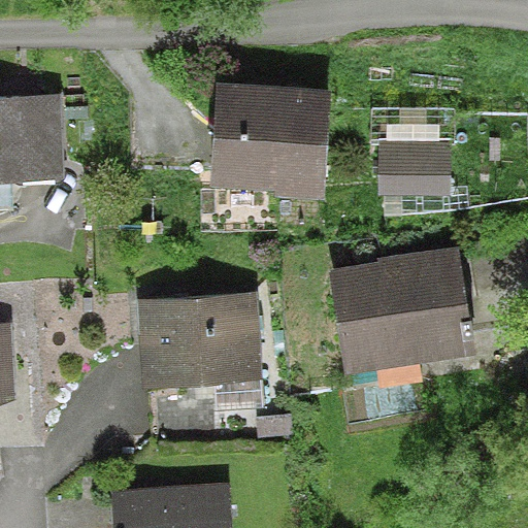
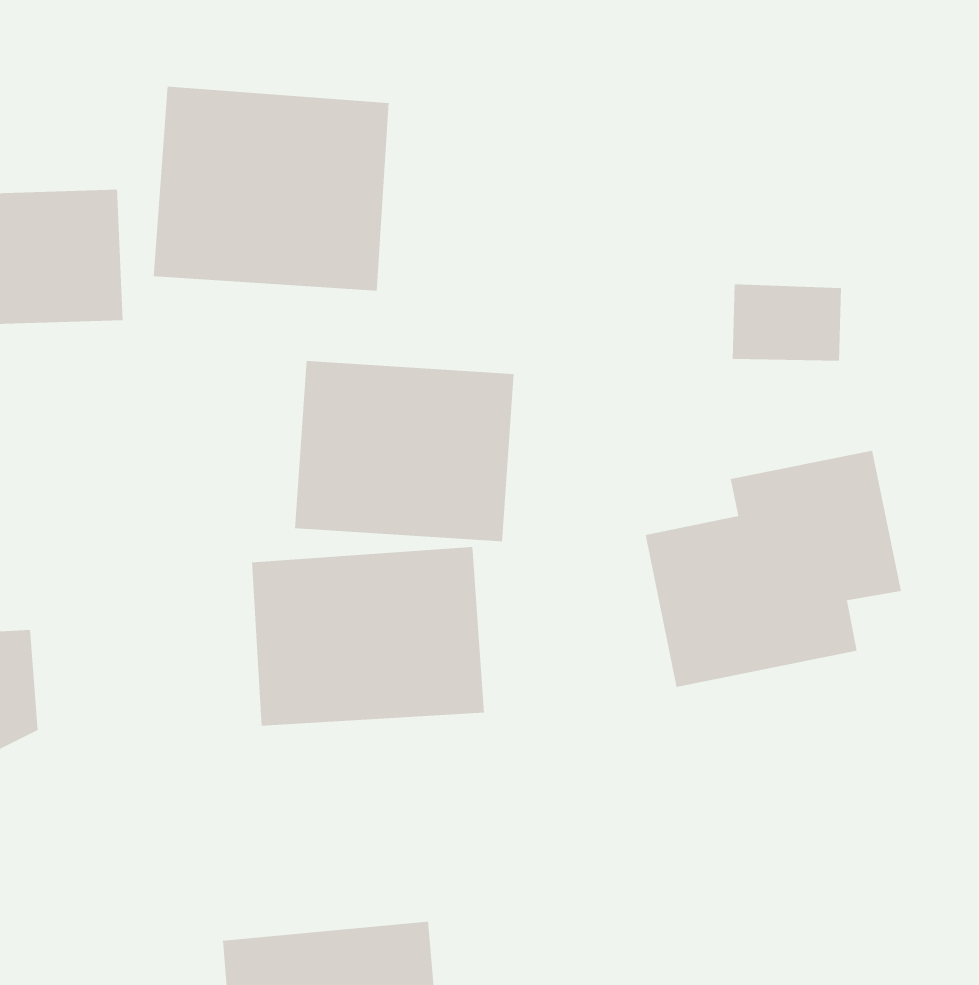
building: none -> [153,86,389,291]
building: [206,95,324,192] -> [294,360,514,542]

